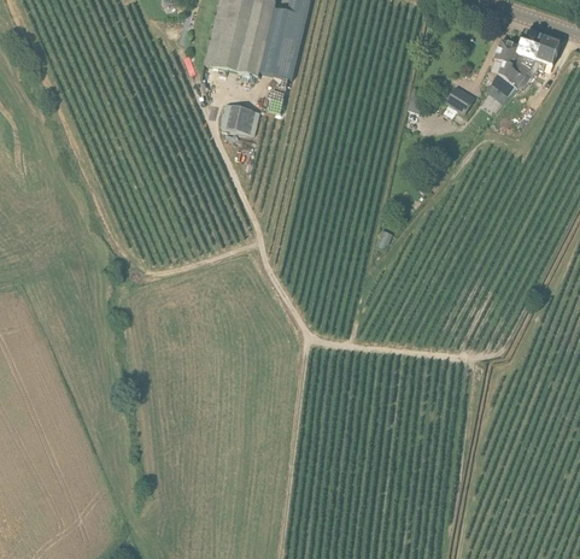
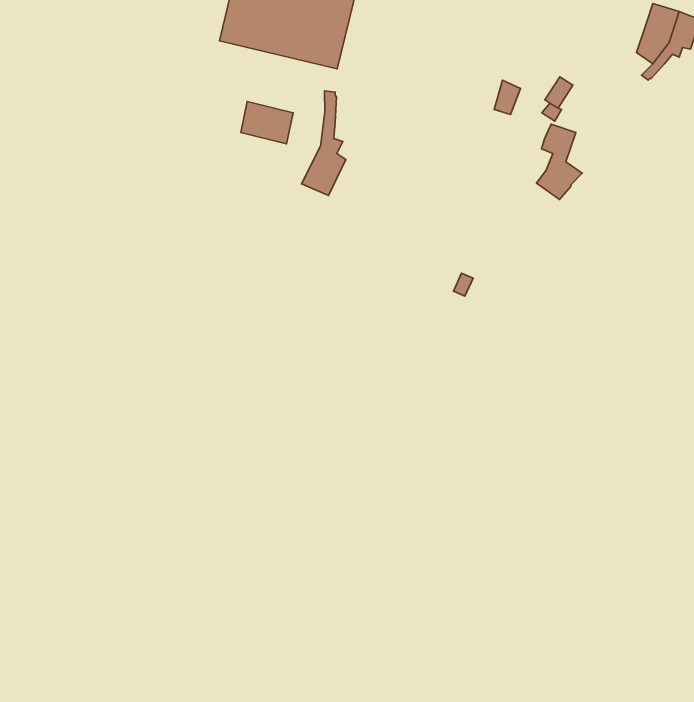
building: [492,39,526,94] -> [536,124,582,199]
building: none -> [301,91,346,195]

